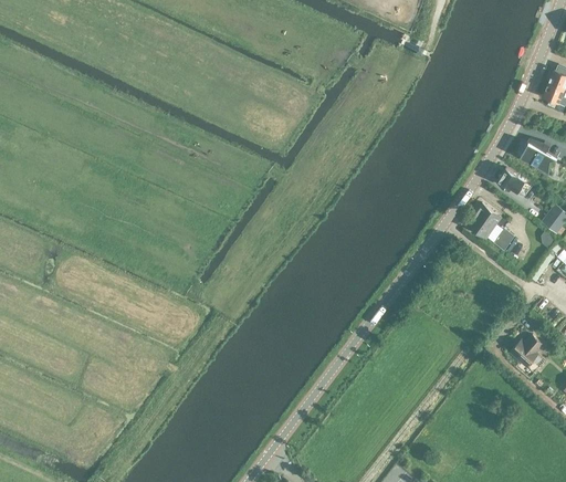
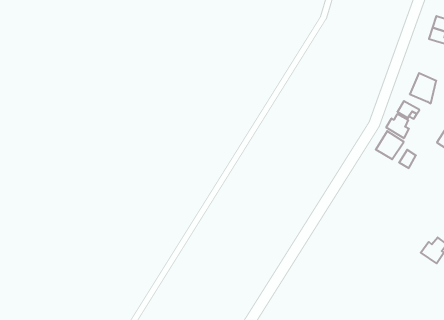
building: none -> [386,114,409,138]

